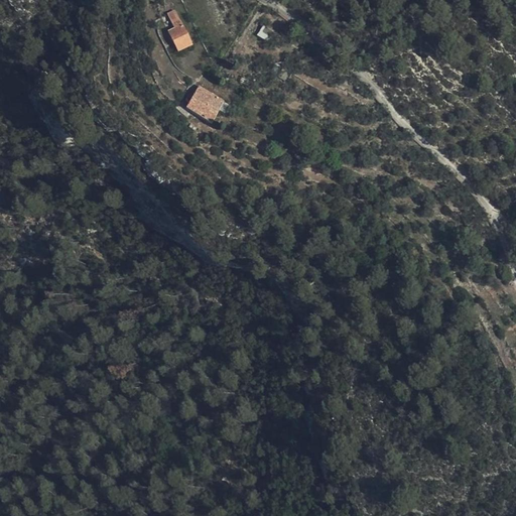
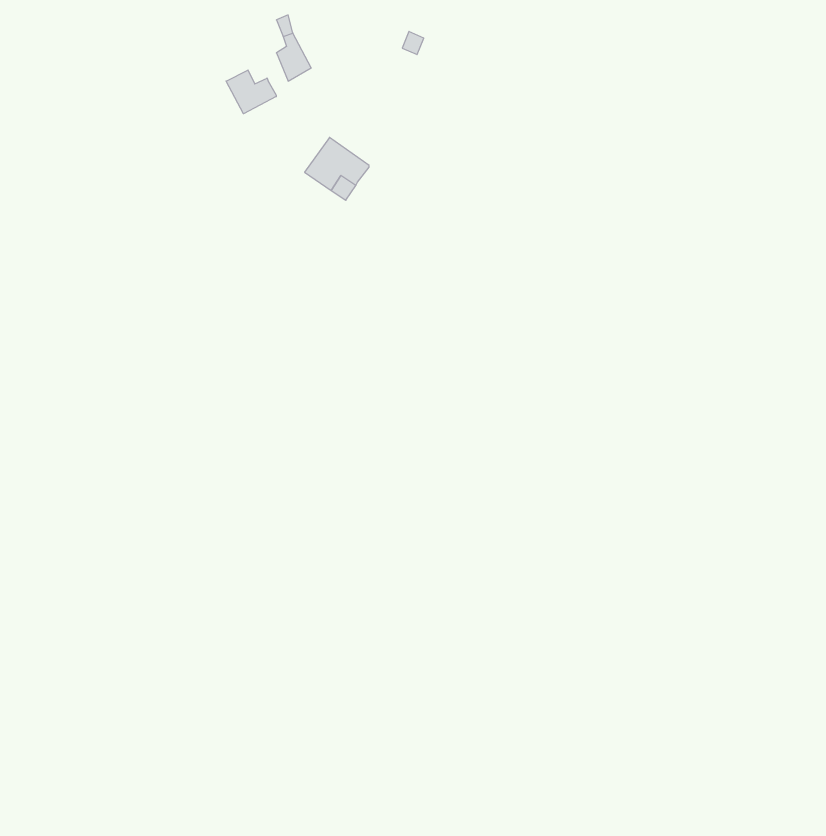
building: none -> [226,70,276,114]

